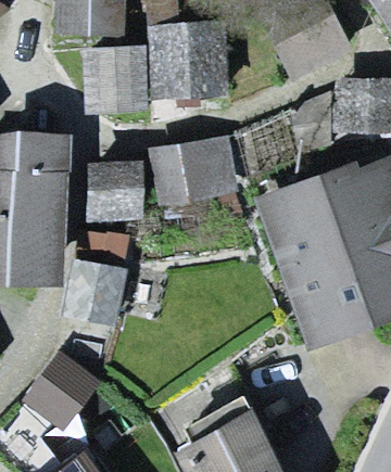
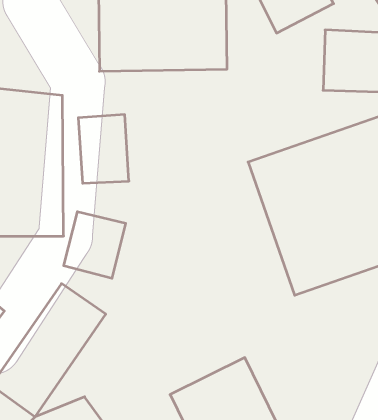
building: [147,139,234,201] -> none

